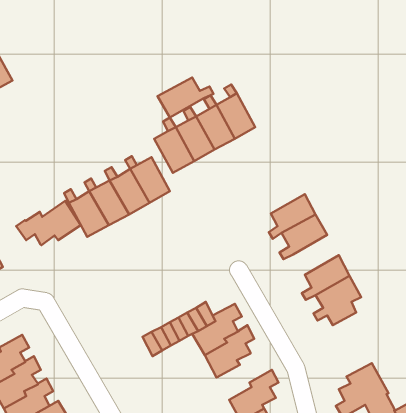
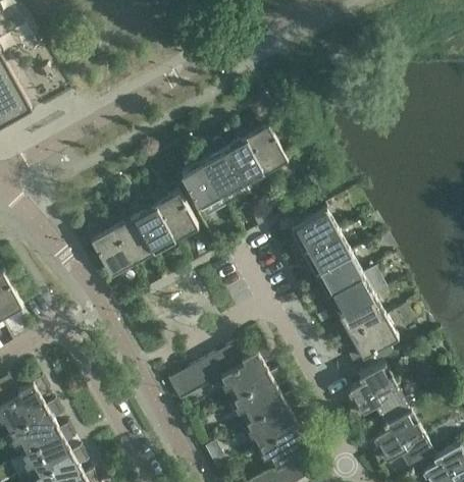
building: [157,77,213,118] -> none
building: none -> [289,210,339,258]
building: [16,201,81,245] -> none
building: none -> [324,275,374,322]
building: none -> [346,365,409,423]
building: none -> [246,393,298,448]

